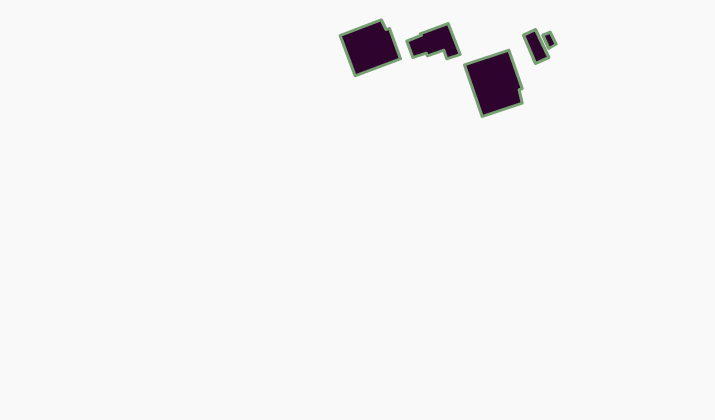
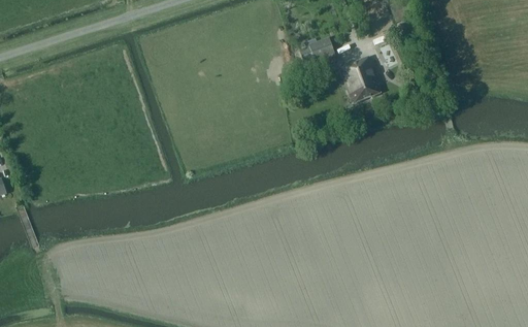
building: [340,20,401,76] -> none

